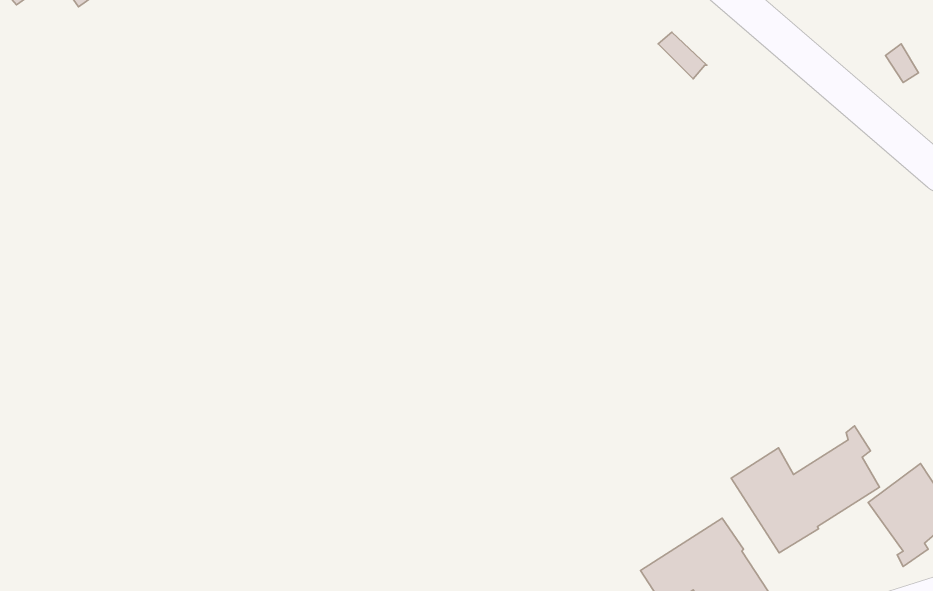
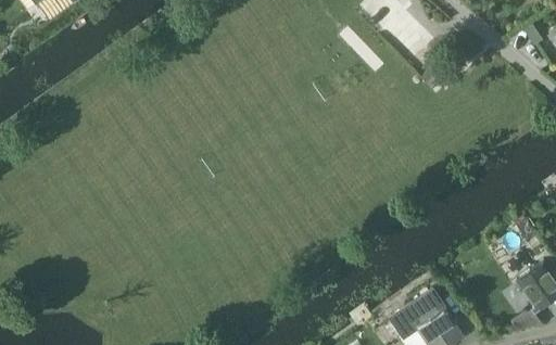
building: [731,426,880,553] -> none

